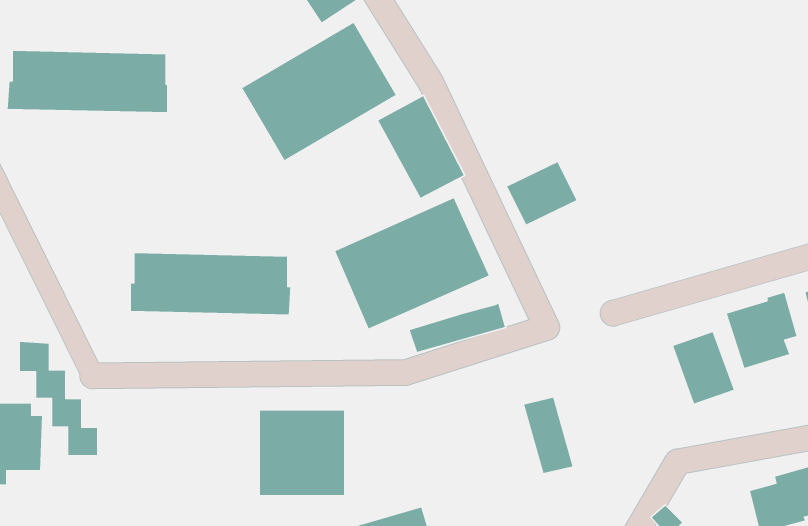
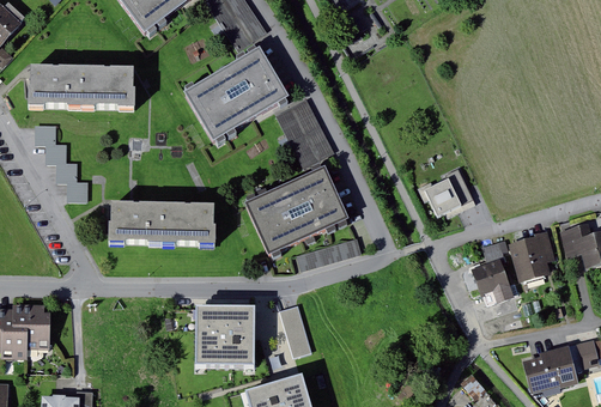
building: [506,161,578,226] -> [423,174,471,217]
building: [19,341,98,456] -> [34,123,86,200]
building: [523,397,573,474] -> [277,305,310,357]

